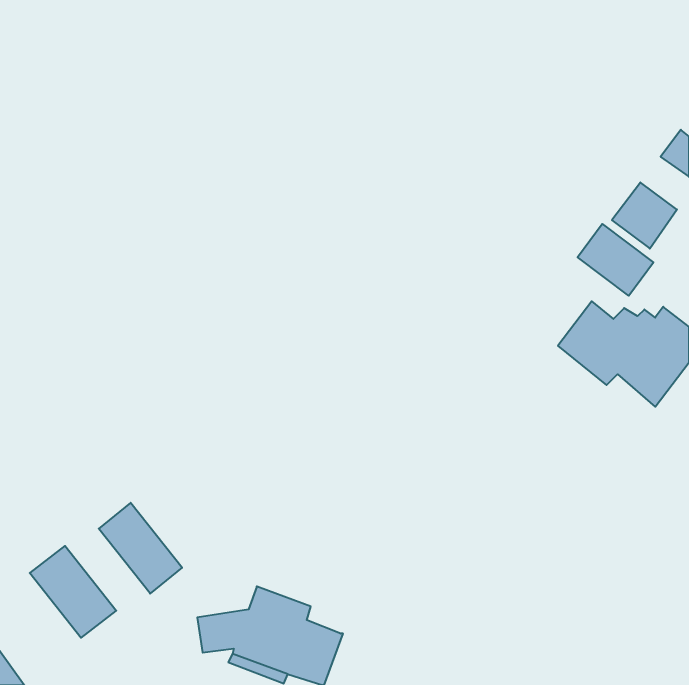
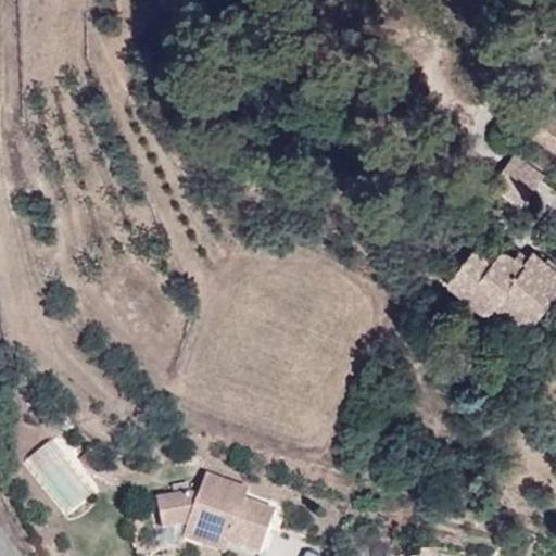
building: [578,224,653,296] -> none
building: [99,503,182,594] -> none

